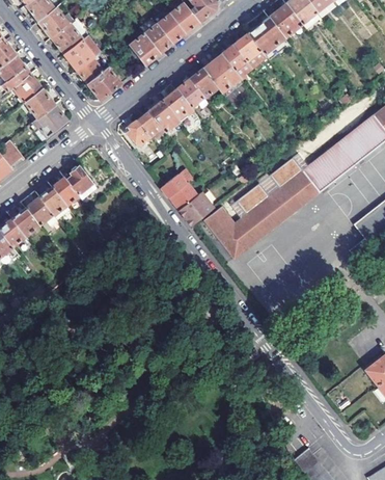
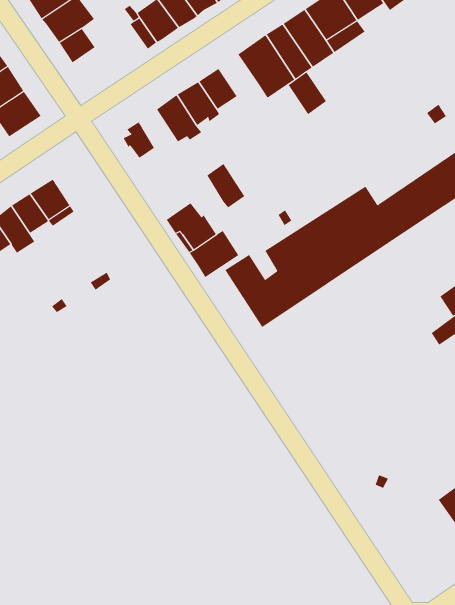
building: [87,66,121,100] -> none
building: [190,69,218,99] -> [288,72,327,115]
building: [137,111,165,142] -> [207,163,245,208]

